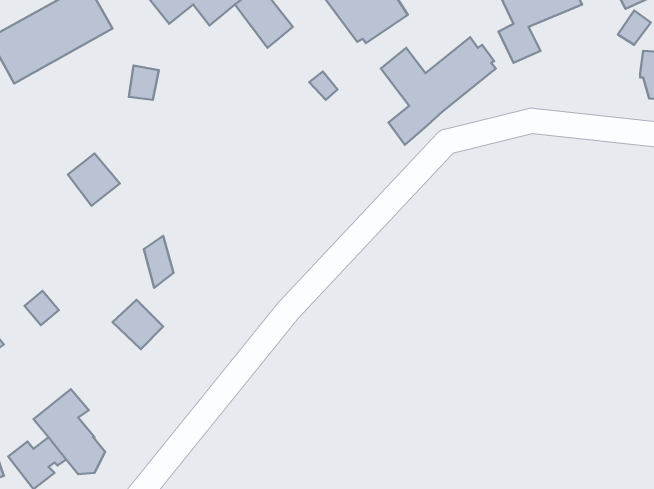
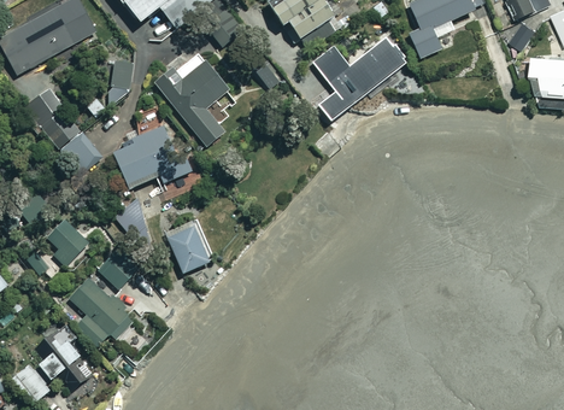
building: none -> [155,53,229,147]
building: none -> [24,87,80,148]
building: none -> [113,125,186,191]
building: none -> [47,217,88,263]
building: none -> [165,225,211,276]
building: none -> [69,277,133,346]

